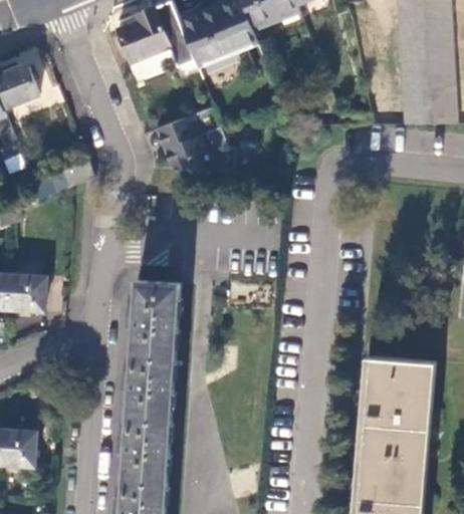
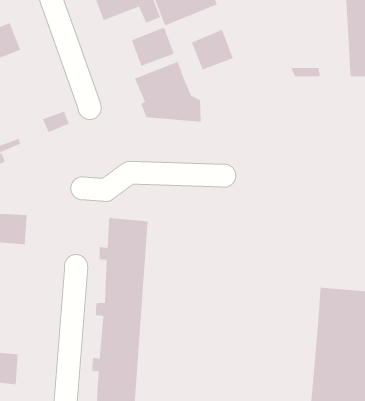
building: none -> [131,27,175,67]
building: none -> [191,29,234,71]

